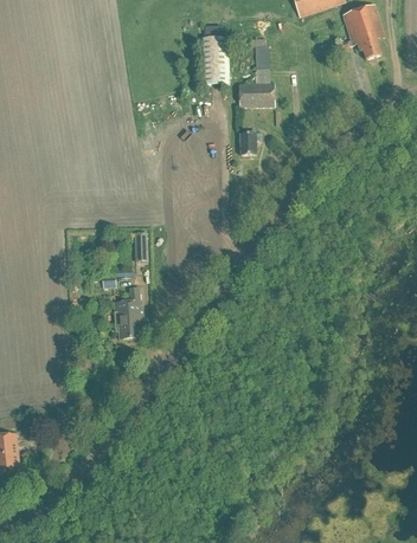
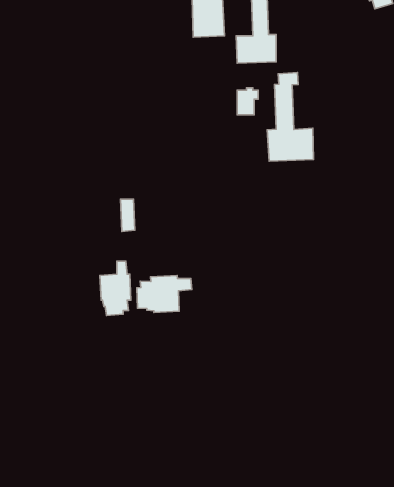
building: none -> [267,72,313,161]
building: none -> [137,275,192,312]

